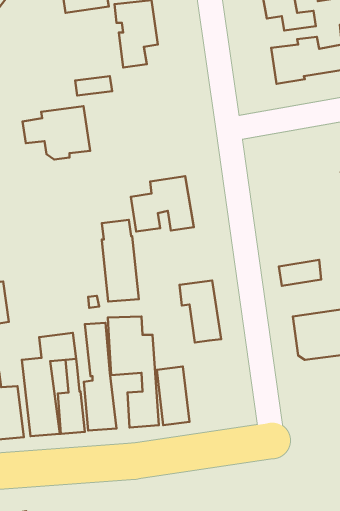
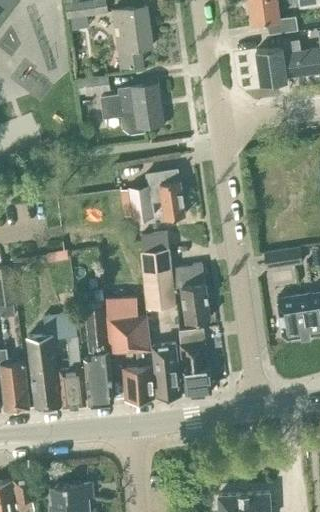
building: [23,106,90,160] -> [101,84,163,133]
building: [102,220,139,301] -> [141,233,175,308]
building: none -> [179,329,211,395]

